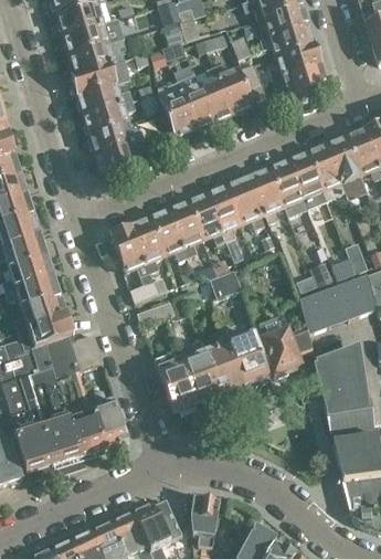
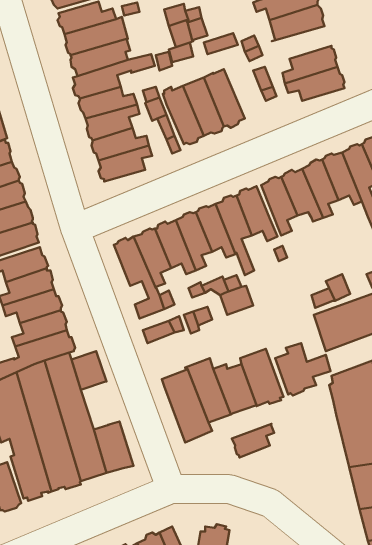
building: [260,25,316,56] -> none
building: [214,62,254,113] -> none
building: none -> [232,424,274,457]

